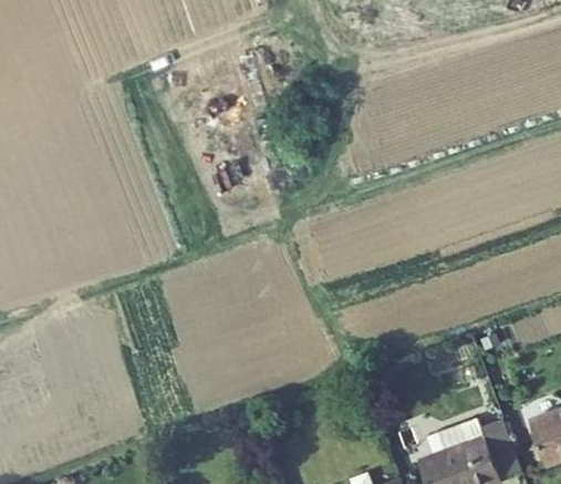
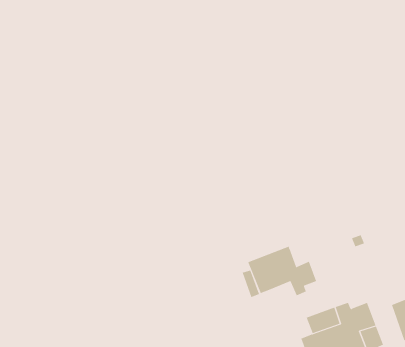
building: none -> [248,246,317,296]

